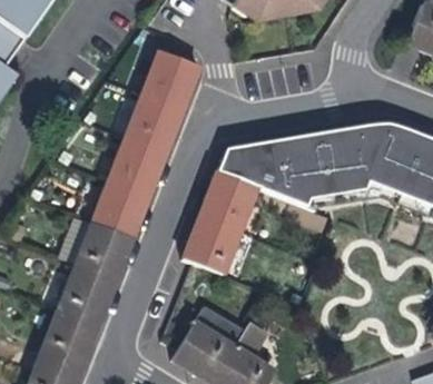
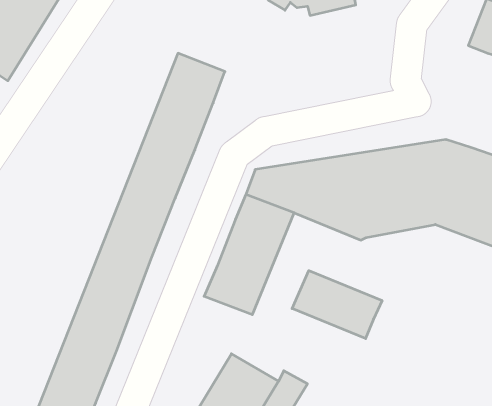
building: none -> [292,271,382,339]

